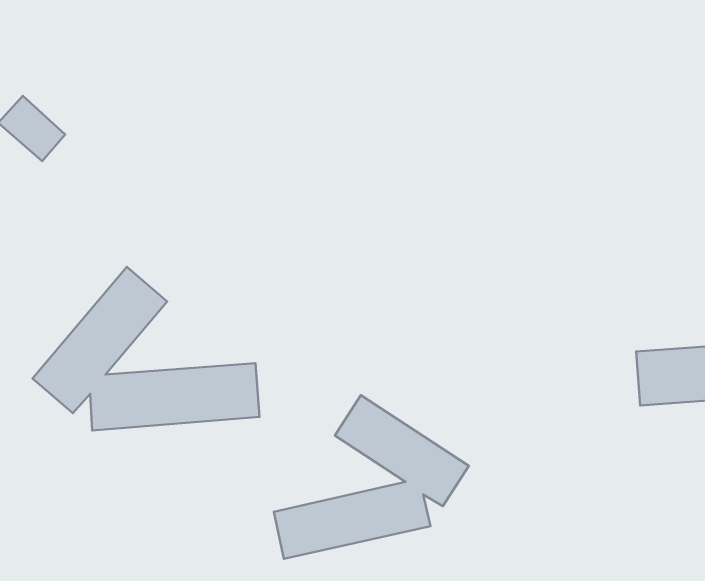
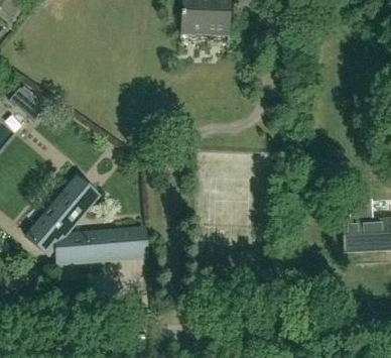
building: [274,395,469,559] -> none

